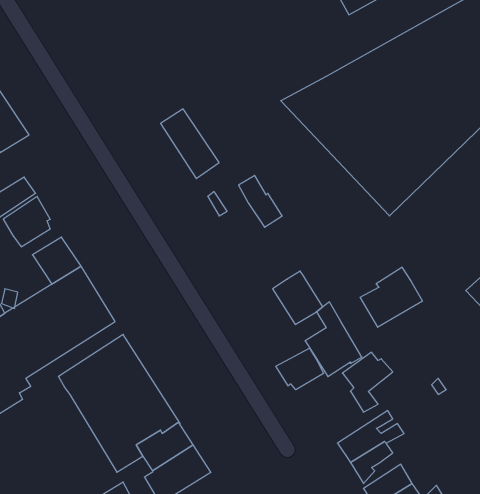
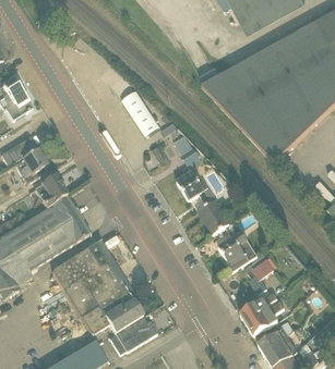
building: none -> [174,169,214,204]
building: [360,267,422,327] -> none
building: [276,348,324,390] -> none

